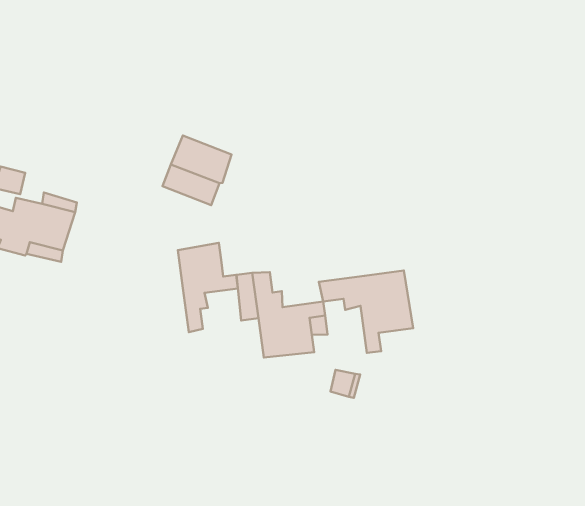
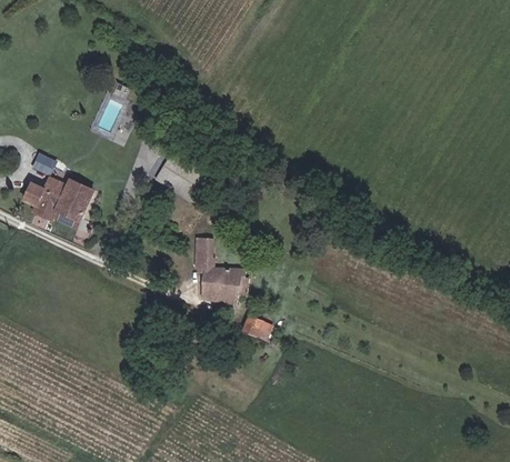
building: [178,243,238,332] -> none
building: [319,270,413,353] -> none

